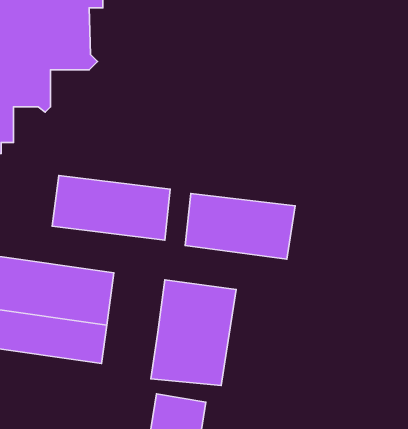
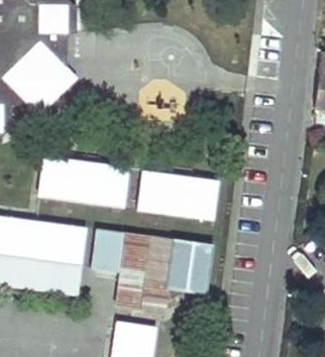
building: none -> [93,230,124,271]
building: none -> [170,240,214,291]

